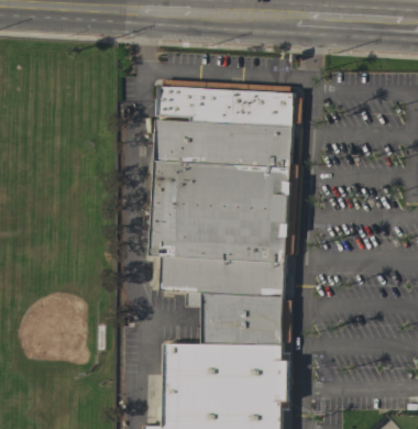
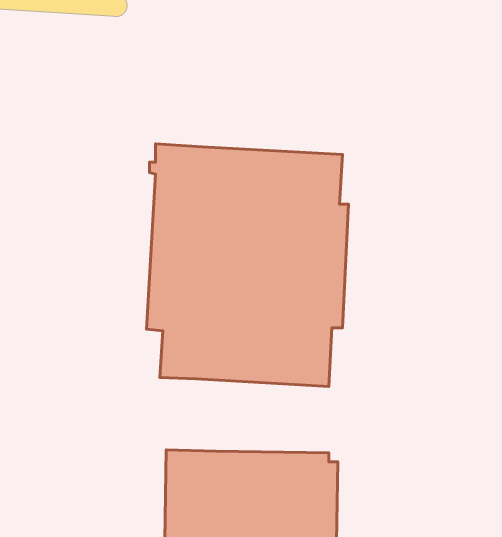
building: [157,79,302,128] -> none
building: [186,292,292,345] -> none

